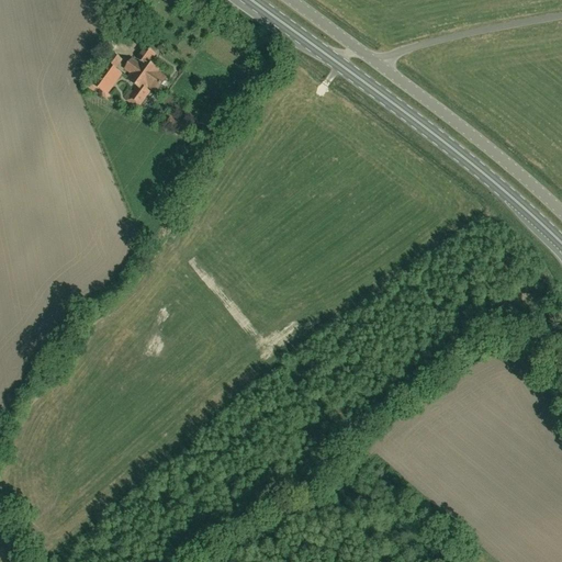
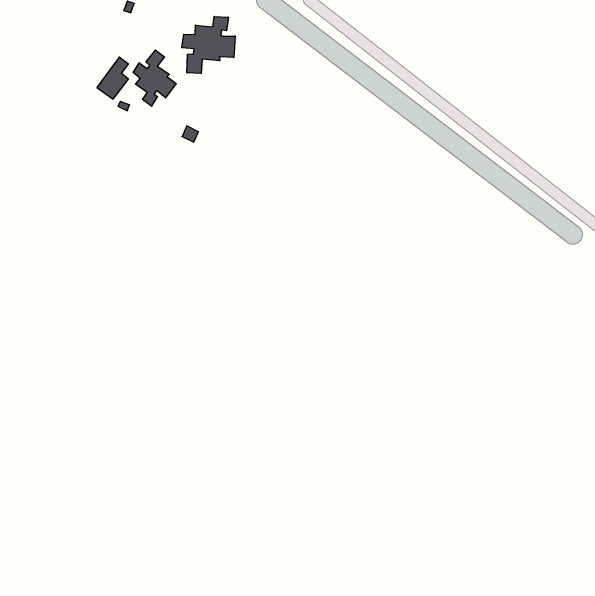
building: none -> [182,16,235,74]

